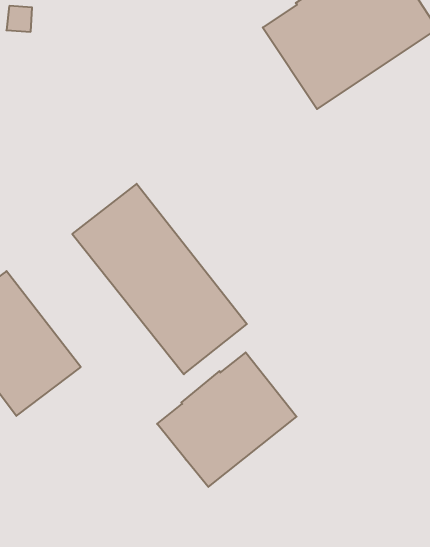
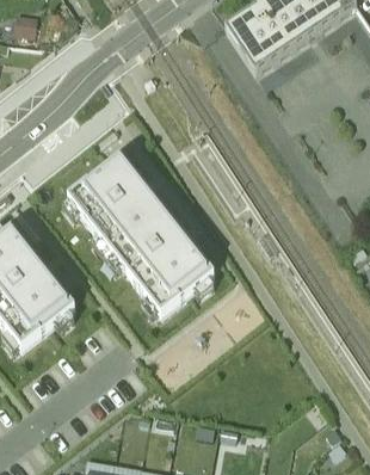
building: [157,352,297,487] -> none

